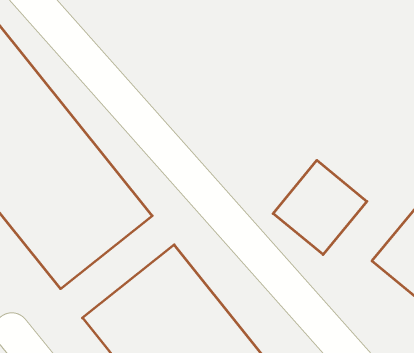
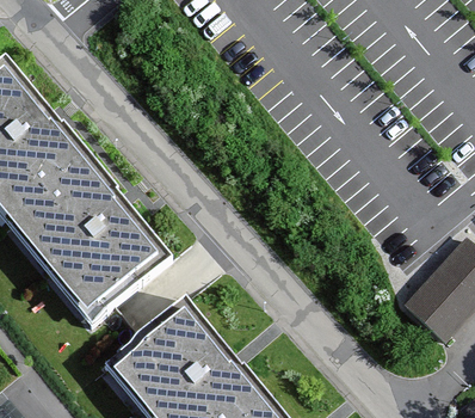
building: [273,160,367,255] -> none

